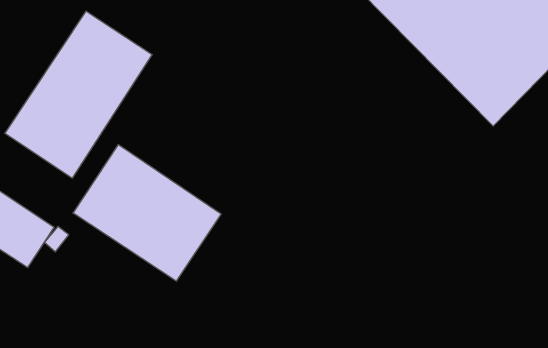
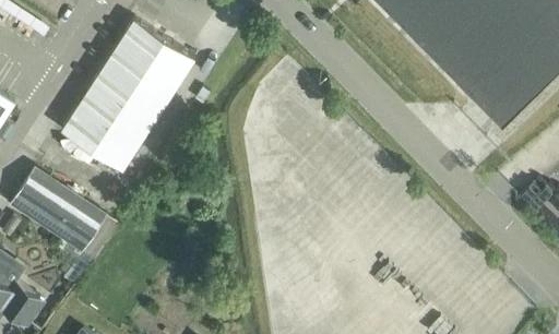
building: [73,145,221,281] -> none

